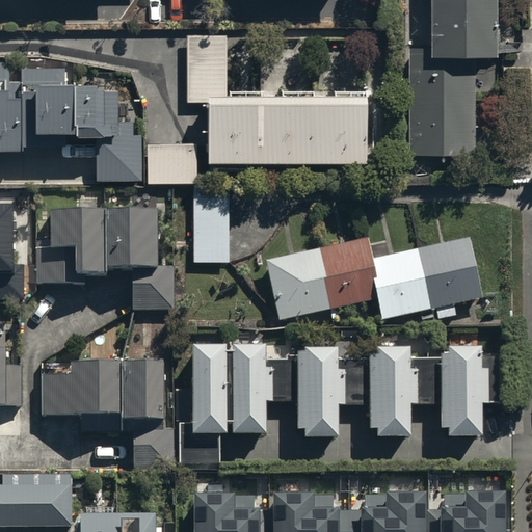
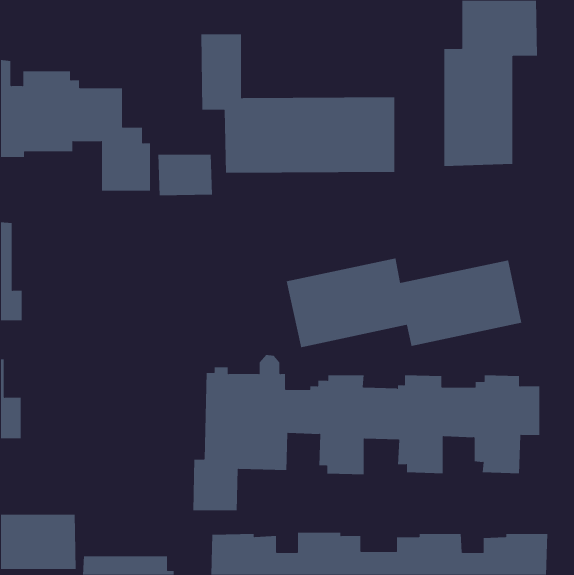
building: [192,185,229,261] -> none
building: [37,209,174,309] -> none
building: [43,361,175,470] -> none

